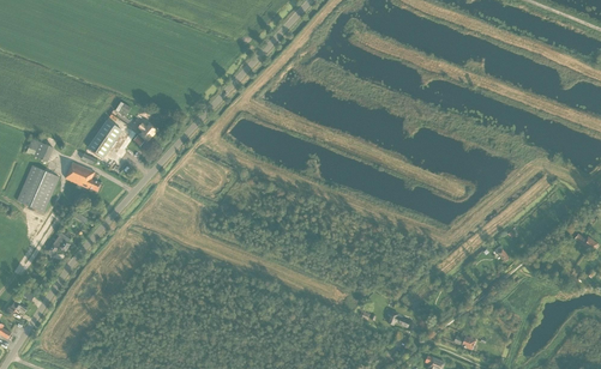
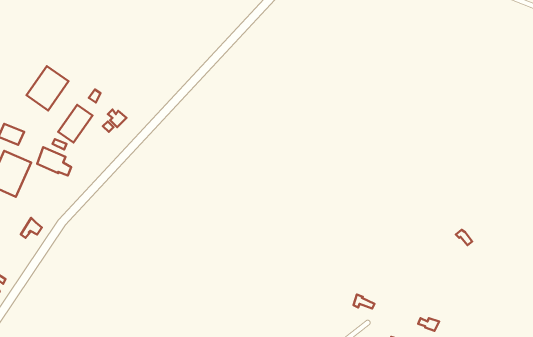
building: none -> [27,66,68,111]

